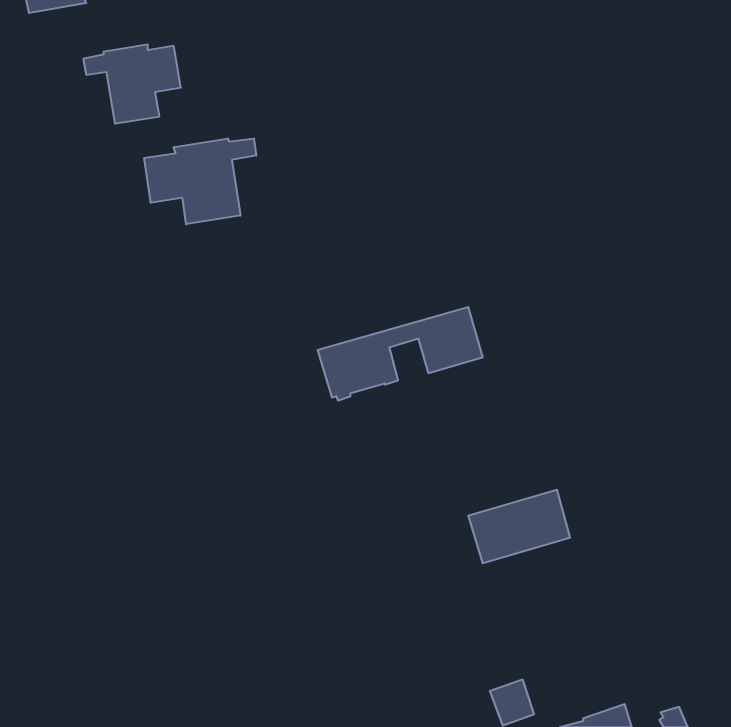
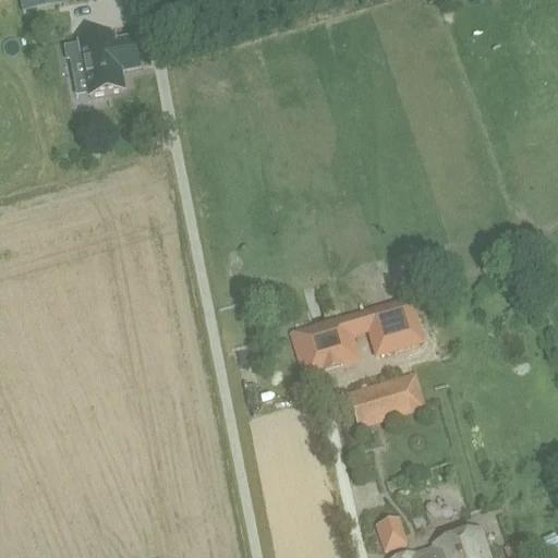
building: [144,138,256,224] -> none
building: [318,307,483,400] -> [292,301,417,372]

